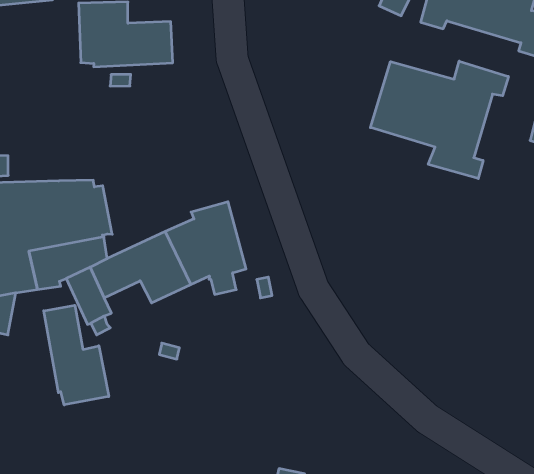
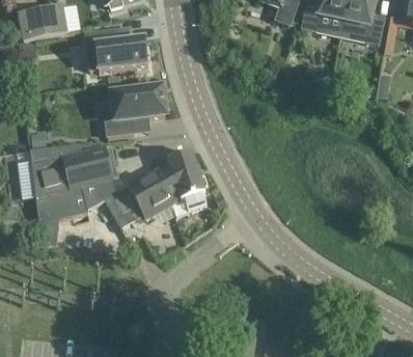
building: [370,61,508,179] -> none
building: none -> [105,88,165,135]
building: [44,305,109,405] -> none

